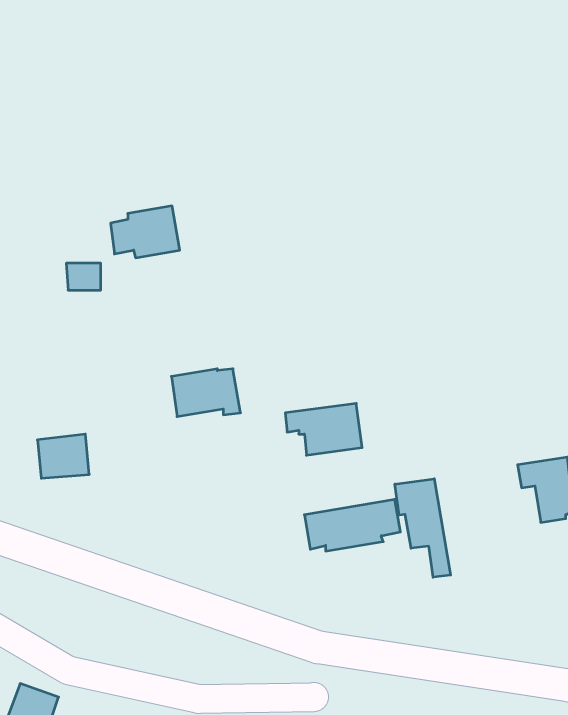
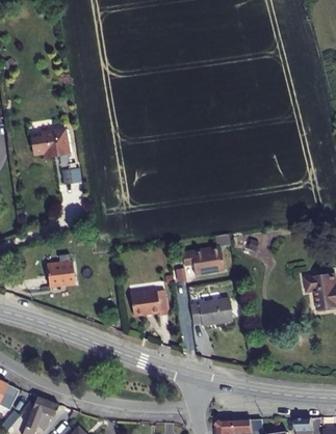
building: [111,206,180,258] -> [32,129,70,157]
building: [171,369,241,417] -> [132,291,170,317]
building: [395,479,451,577] -> none

